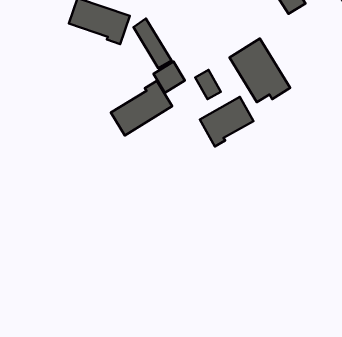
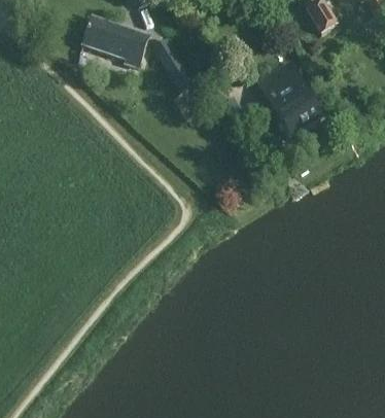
building: [111,81,172,135] -> none
building: [200,97,254,147] -> none

